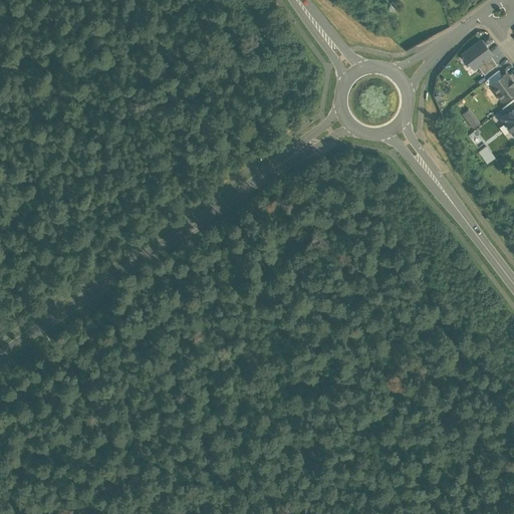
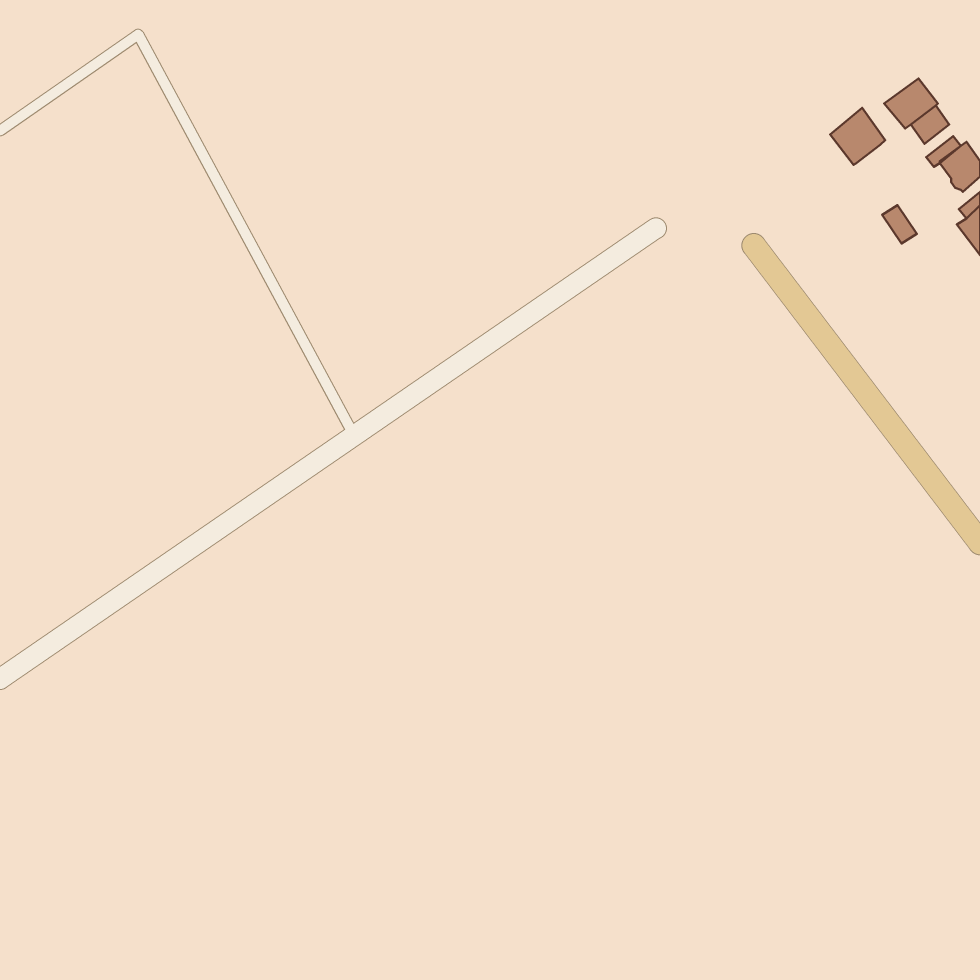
building: none -> [830,108,885,165]

